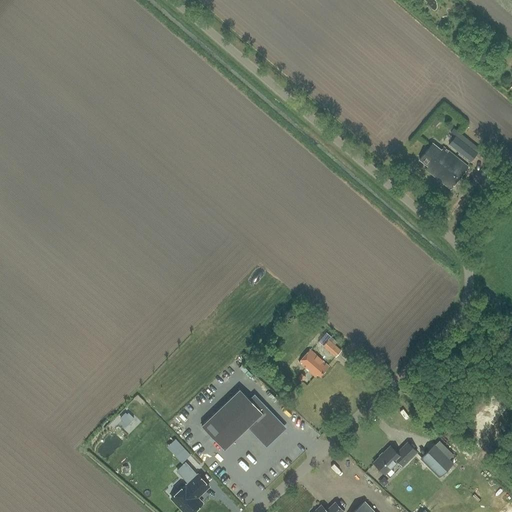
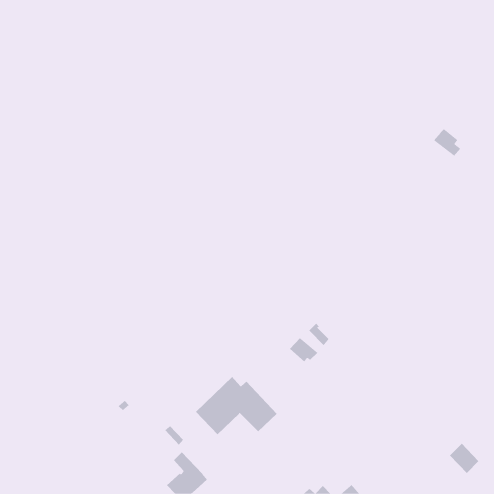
building: [419,143,469,189] -> none
building: [373,443,416,474] -> none
building: [421,445,452,477] -> [449,443,479,474]

